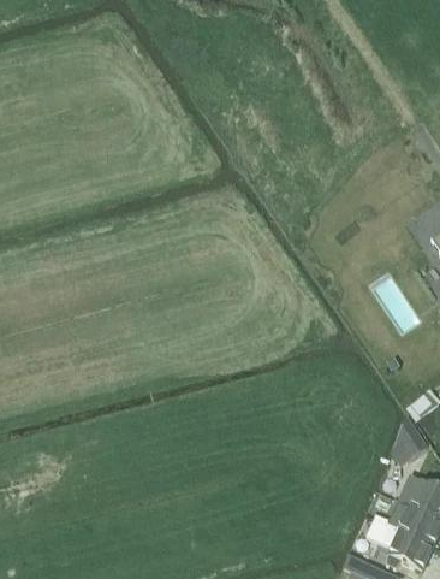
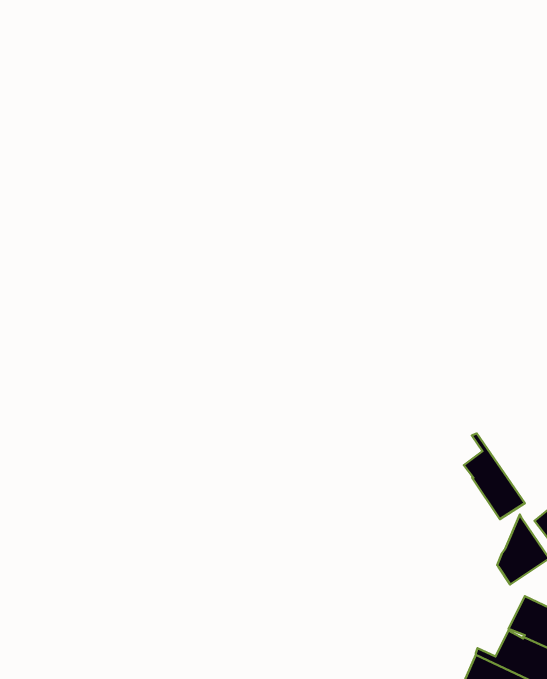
building: none -> [464,434,525,519]

